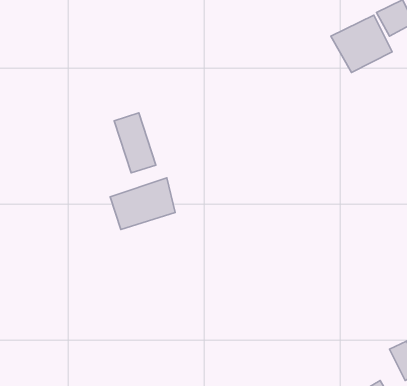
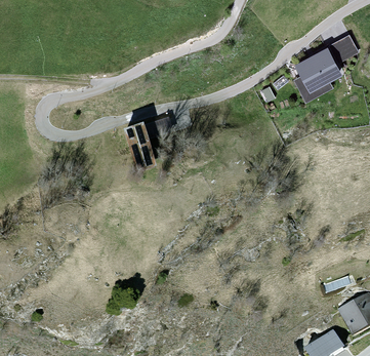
building: [110,178,175,230] -> none

